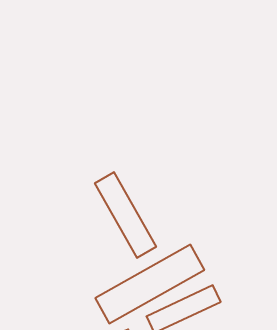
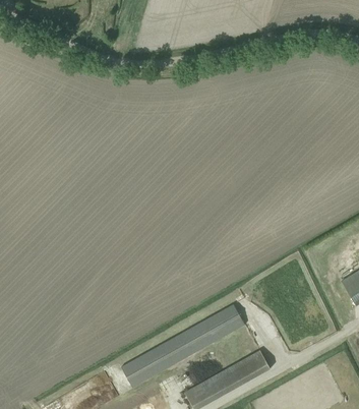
building: [95,172,156,258] -> none

